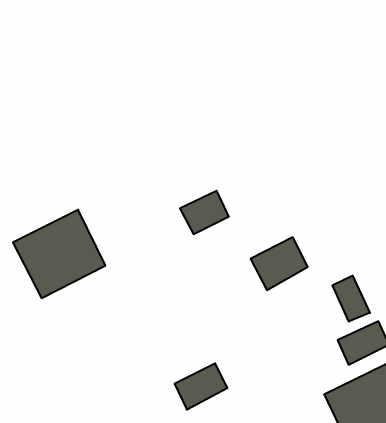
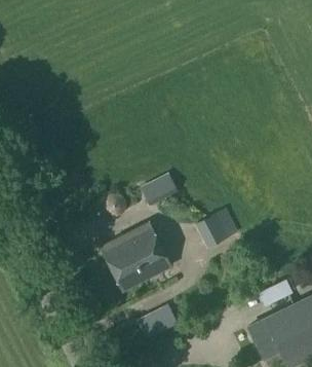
building: [13,210,105,298] -> [100,223,169,290]
building: [332,276,370,322] -> none

